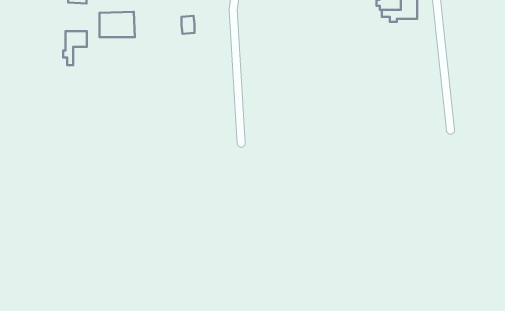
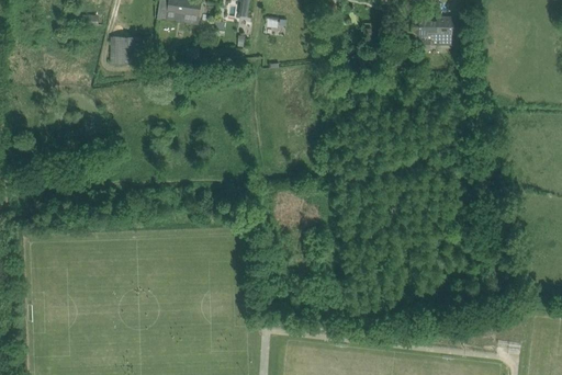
building: [63,31,87,65] -> none

